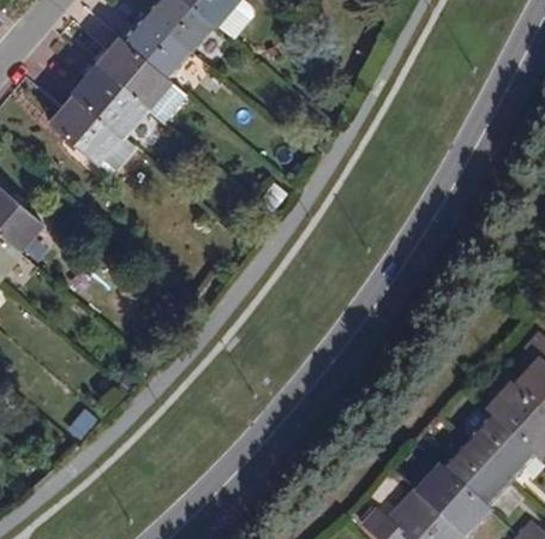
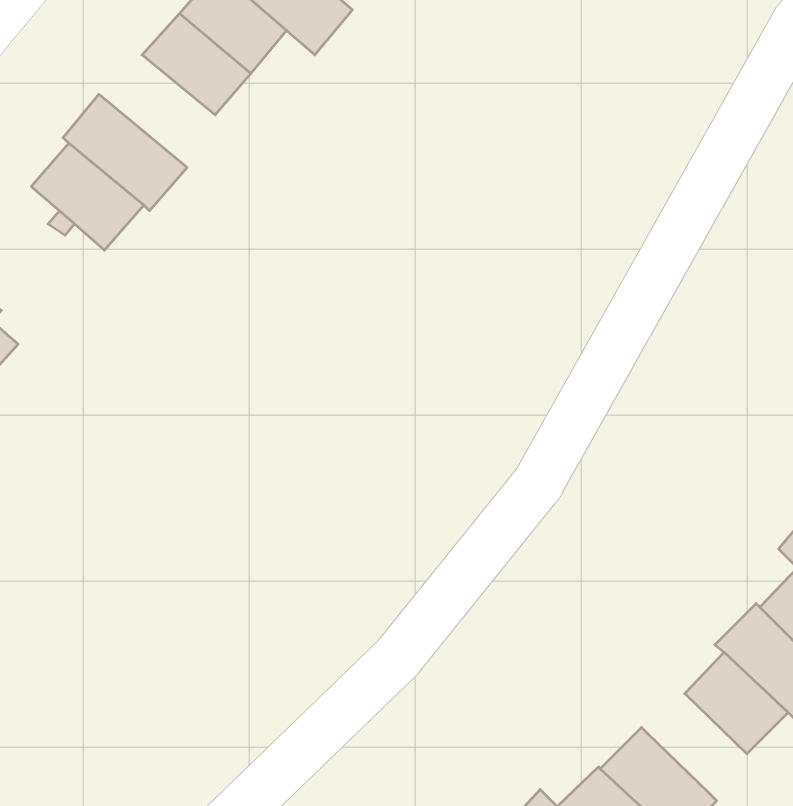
building: [94,35,174,110] -> none
building: [444,447,508,510] -> none

